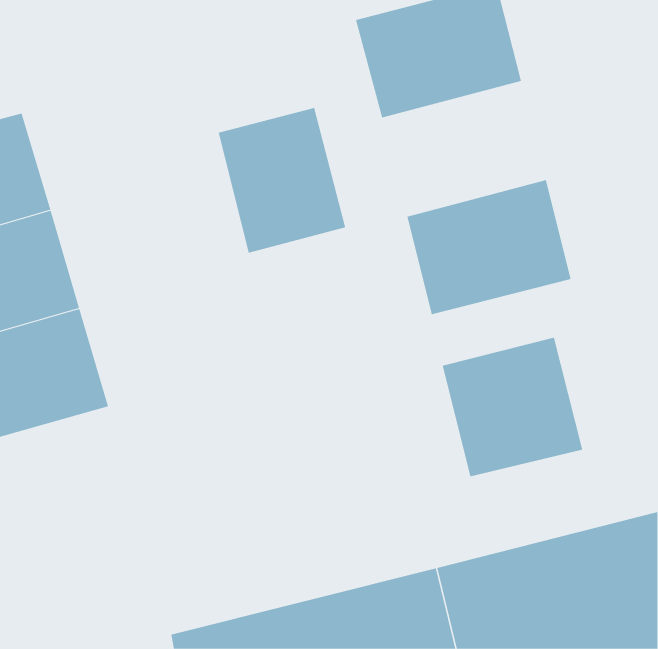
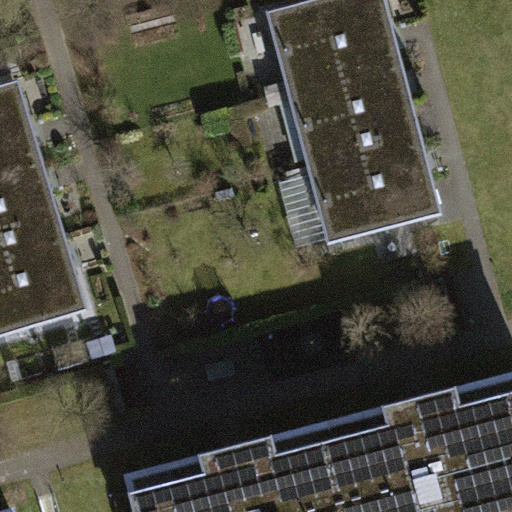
building: none -> [291,62,417,165]
building: [218,107,346,254] -> none
building: [442,337,583,477] -> none

